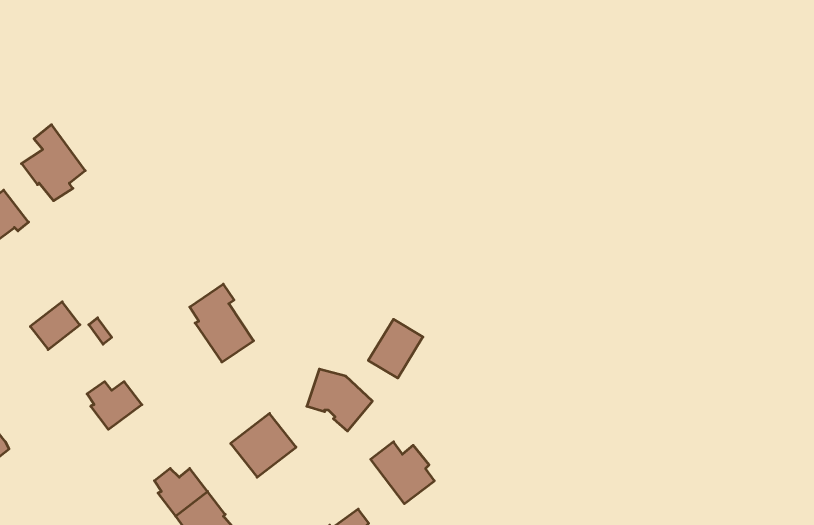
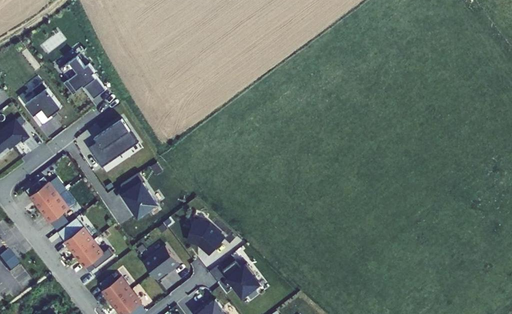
building: none -> [61,56,106,100]
building: none -> [88,118,138,167]
building: [368,319,423,378] -> none
building: none -> [40,195,68,222]
building: none -> [74,240,103,268]

